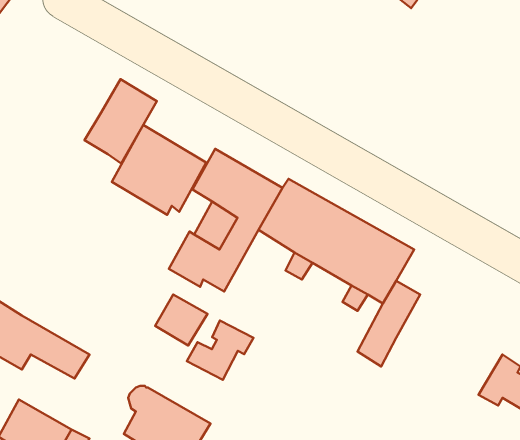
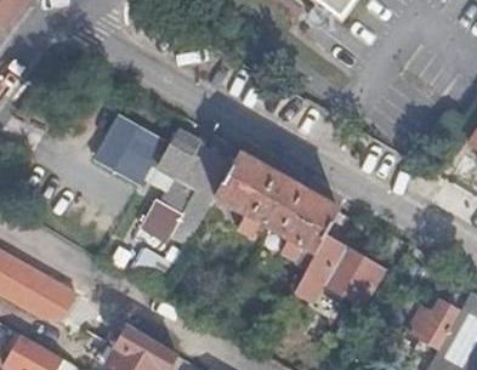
building: [84,79,157,163] -> none
building: none -> [326,249,385,306]
building: [187,320,254,380] -> none

